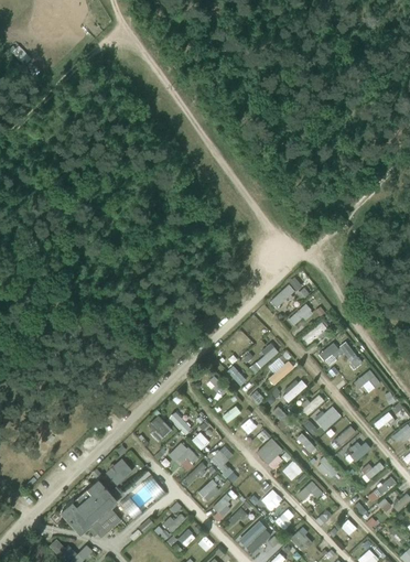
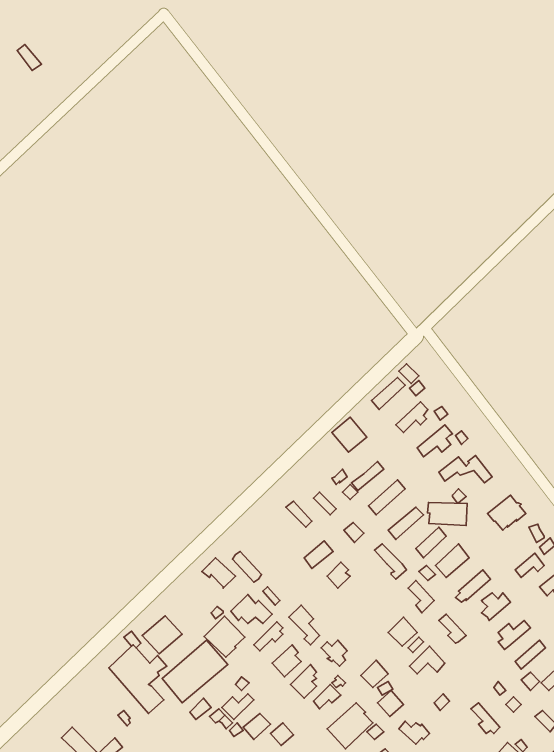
building: none -> [428,502,467,525]
building: [256,437,283,468] -> none
building: none -> [204,616,245,657]
building: [62,495,110,532] -> none

